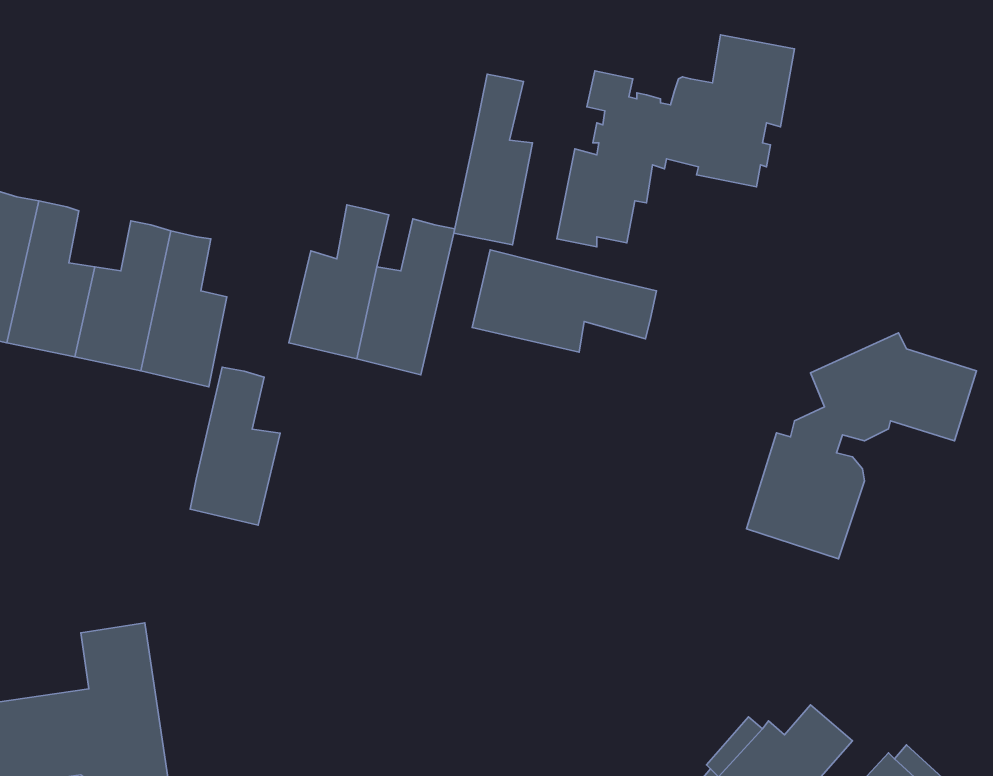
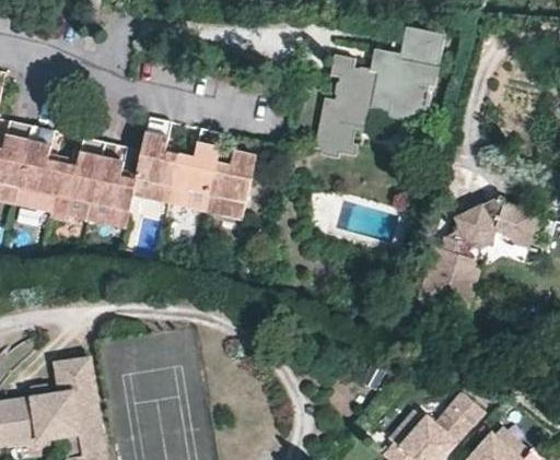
building: [454,74,533,245] -> none
building: [472,250,656,352] -> none
building: [190,367,280,525] -> [130,116,179,202]

